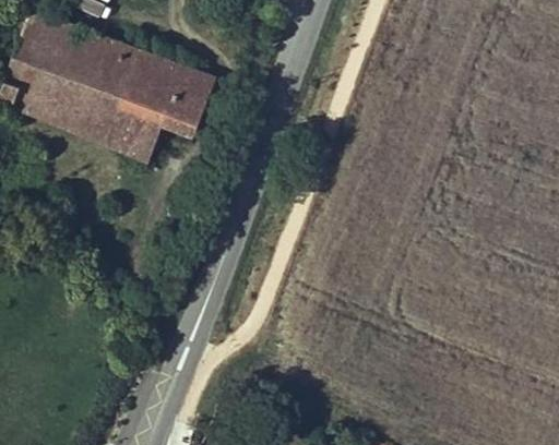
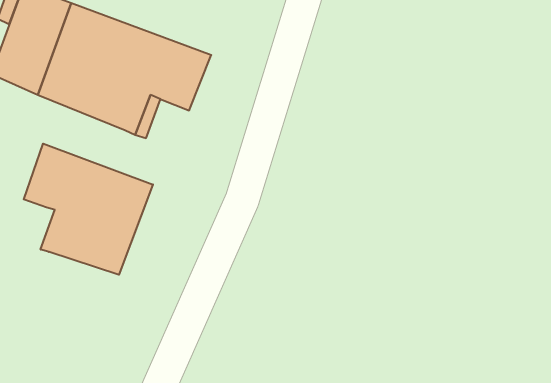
building: none -> [24,144,153,275]

